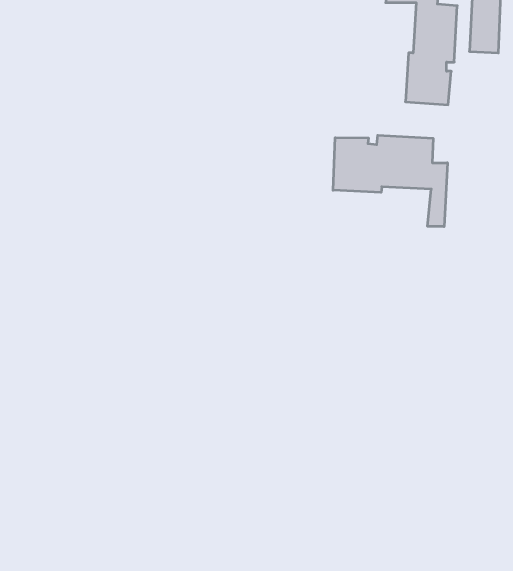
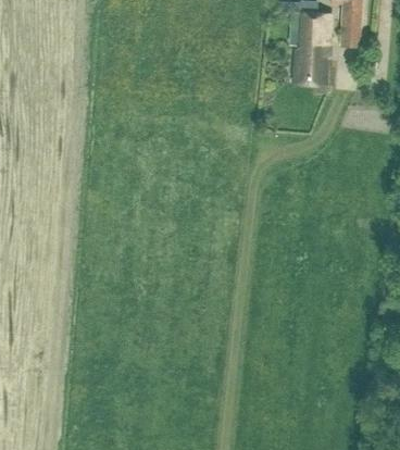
building: [333,135,447,227] -> none

